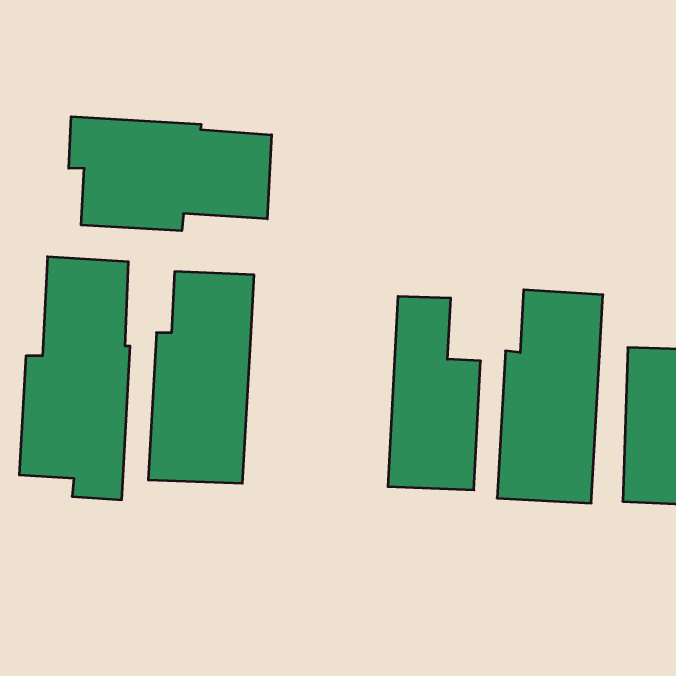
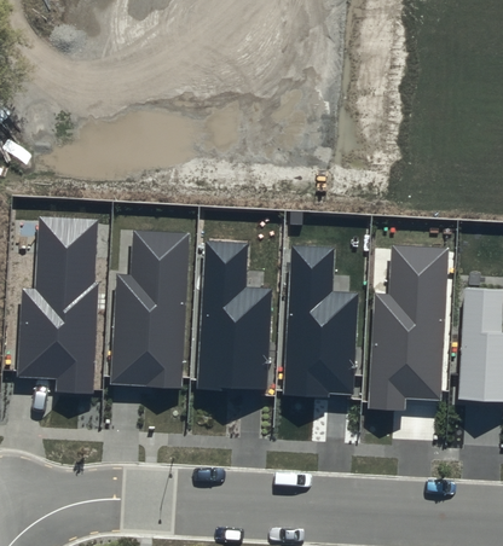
building: [69,117,272,231] -> none
building: none -> [201,244,268,385]

